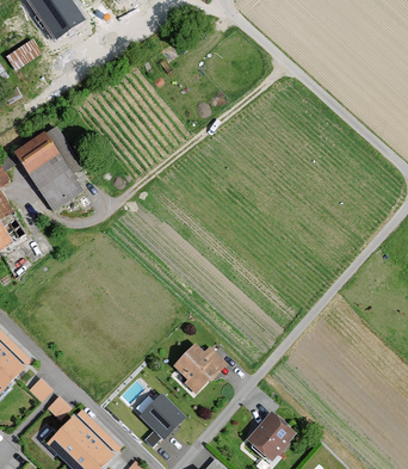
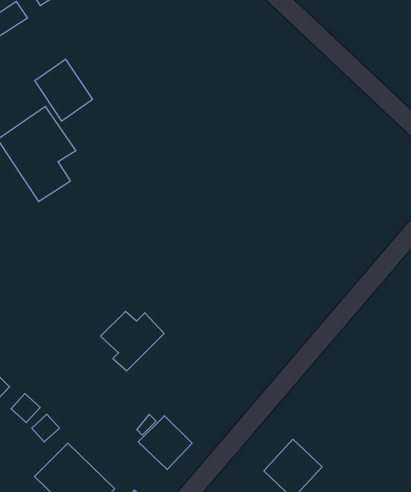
building: none -> [35,59,92,121]
building: [172,345,227,396] -> [101,311,164,371]

